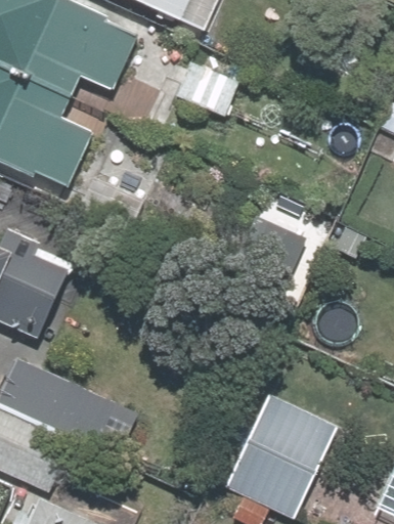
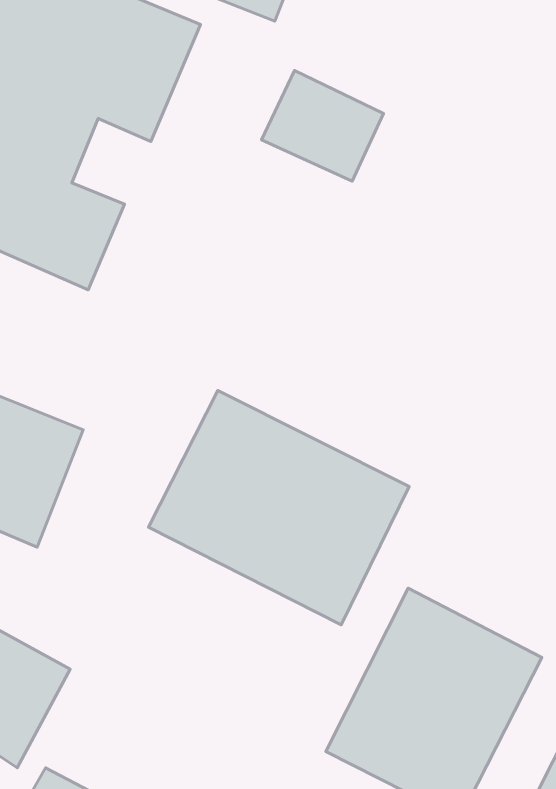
building: none -> [149,390,409,625]

